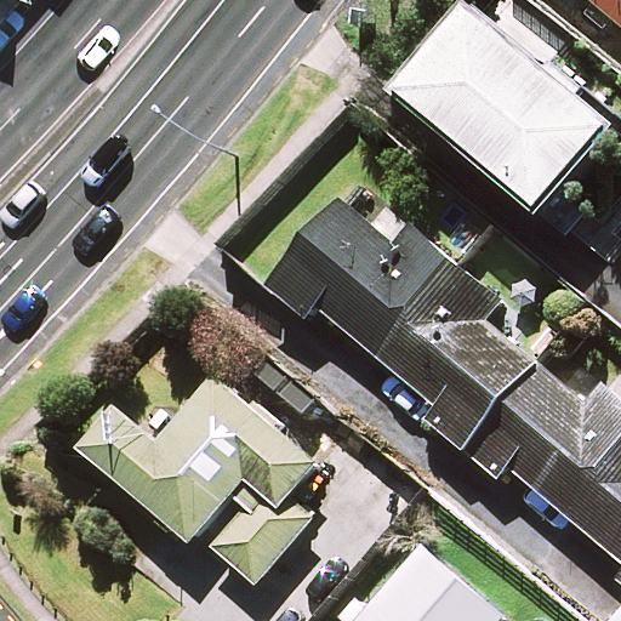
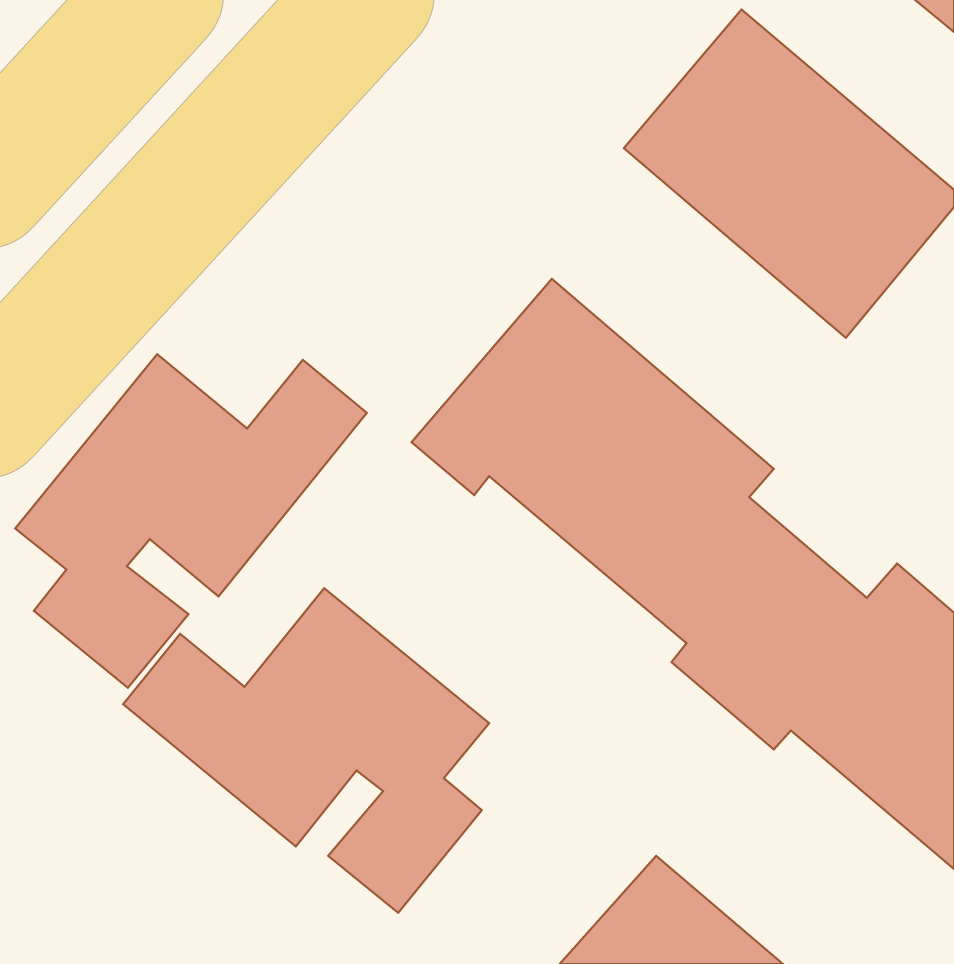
building: none -> [15,354,367,688]

